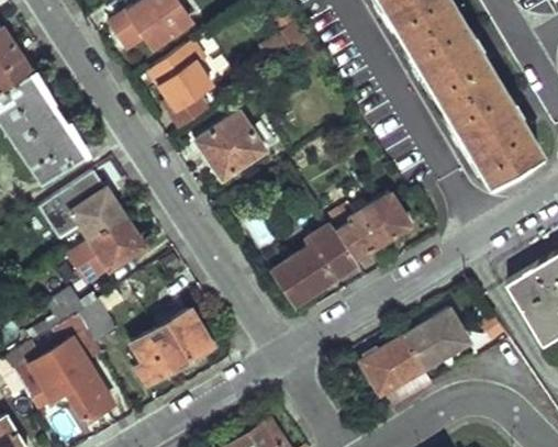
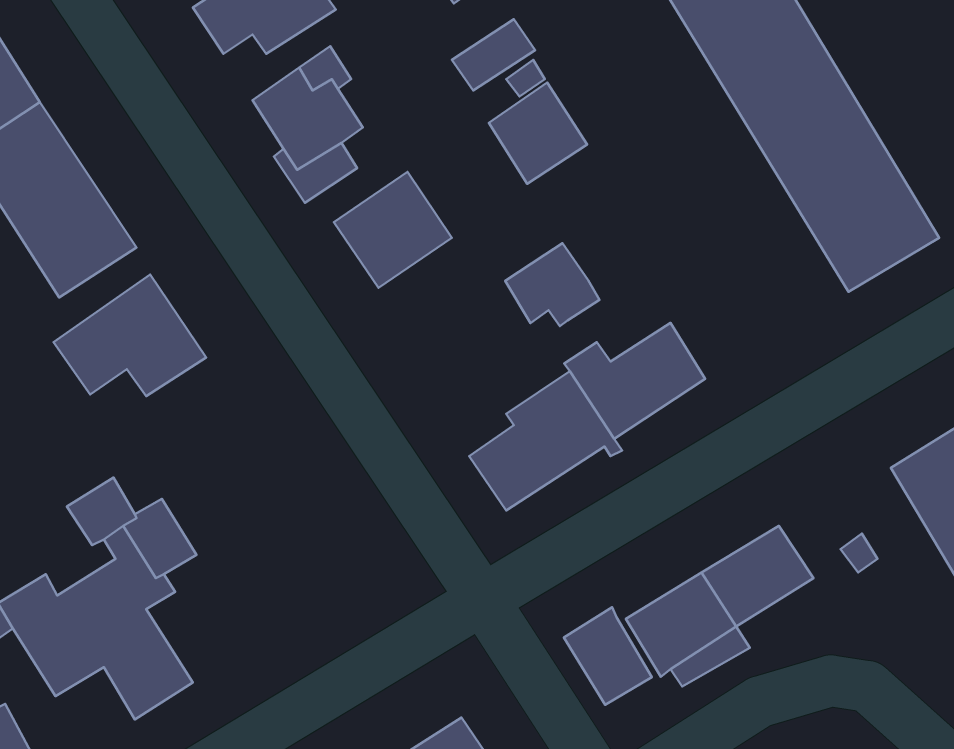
building: none -> [489,83,587,184]
building: none -> [505,243,599,326]
building: [67,217,142,282] -> none
building: [125,303,213,385] -> none
building: none -> [564,607,652,705]

